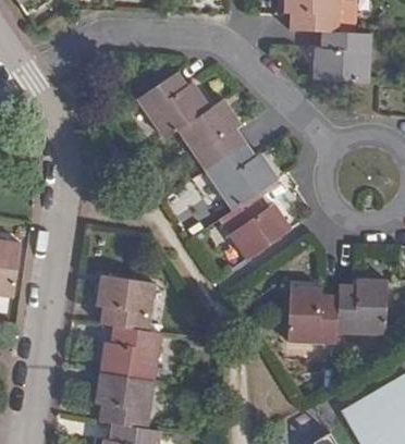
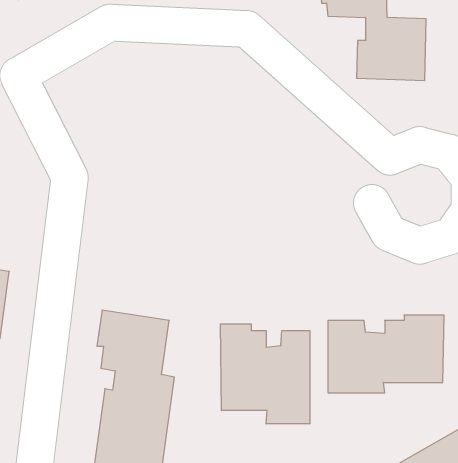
building: [136,72,294,260] -> none
building: none -> [221,324,310,424]

